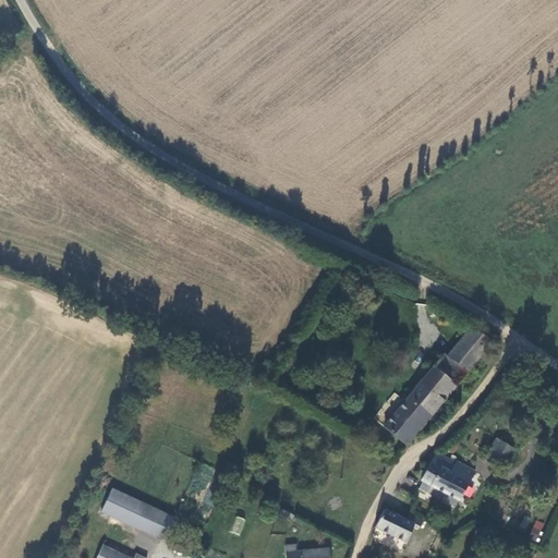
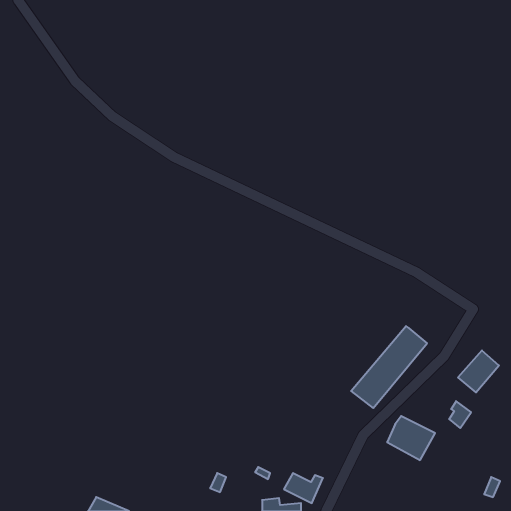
building: [446,328,490,374] -> [458,350,499,392]
building: [101,489,173,542] -> none
building: [375,510,417,543] -> [284,473,323,503]

